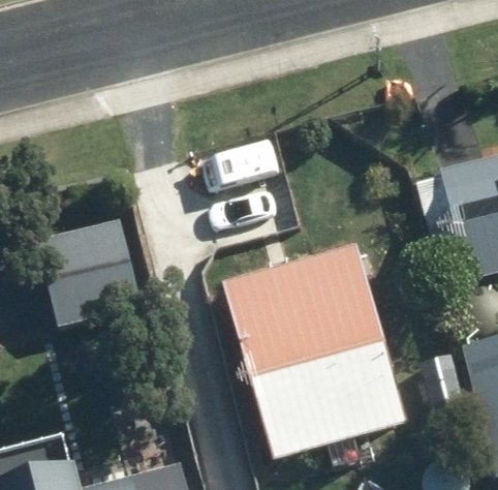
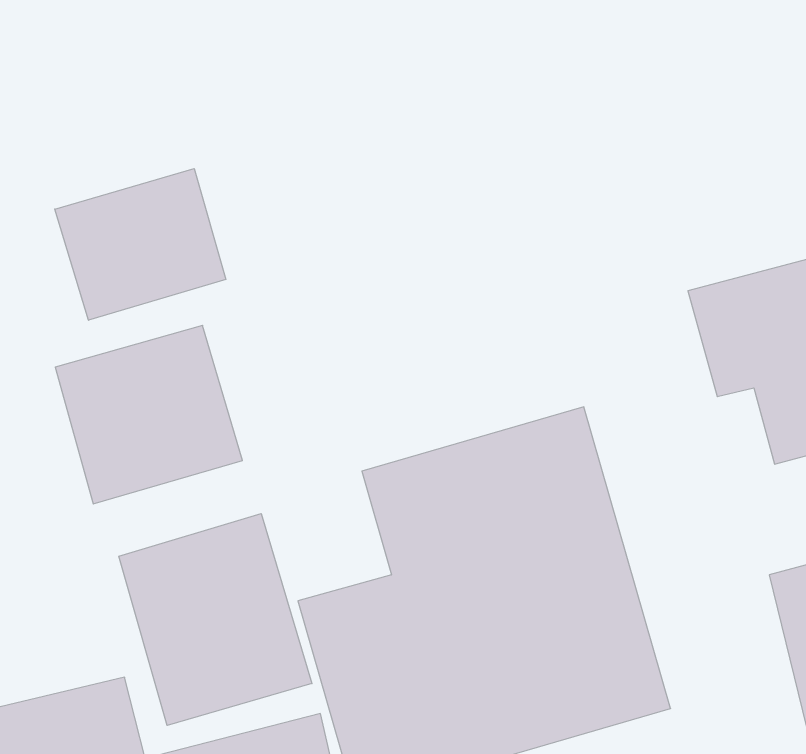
building: none -> [55,169,226,320]
building: none -> [119,514,312,725]

